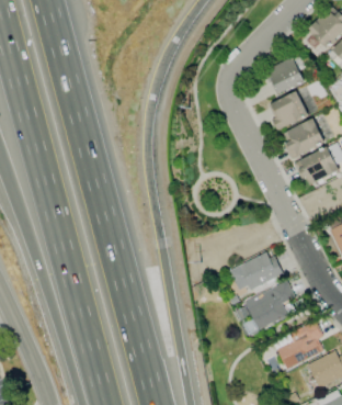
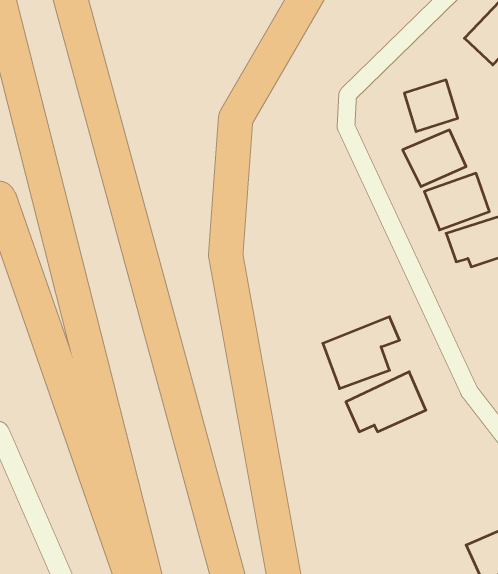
building: [244,282,295,329] -> [323,317,400,389]
building: [276,322,322,368] -> none

